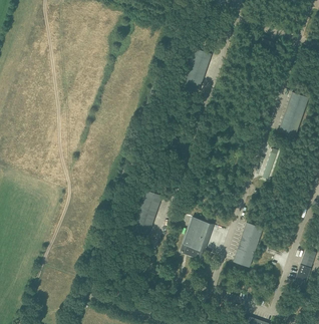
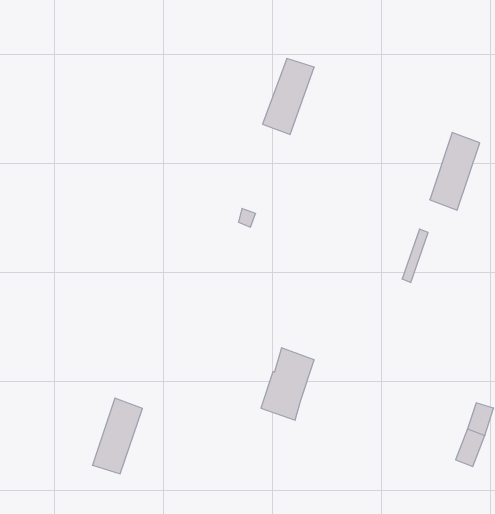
building: [132,190,162,234] -> [92,398,142,474]
building: [233,222,263,267] -> none

